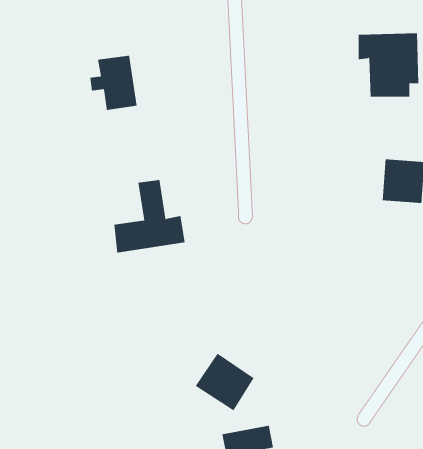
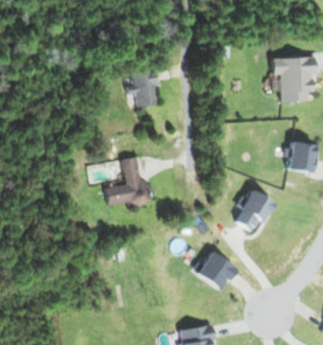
building: [90,55,137,110] -> [126,70,159,108]
building: none -> [234,190,275,232]
building: [195,353,255,411] -> [196,251,236,291]

